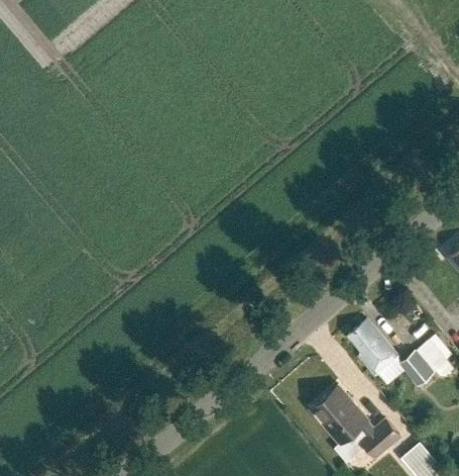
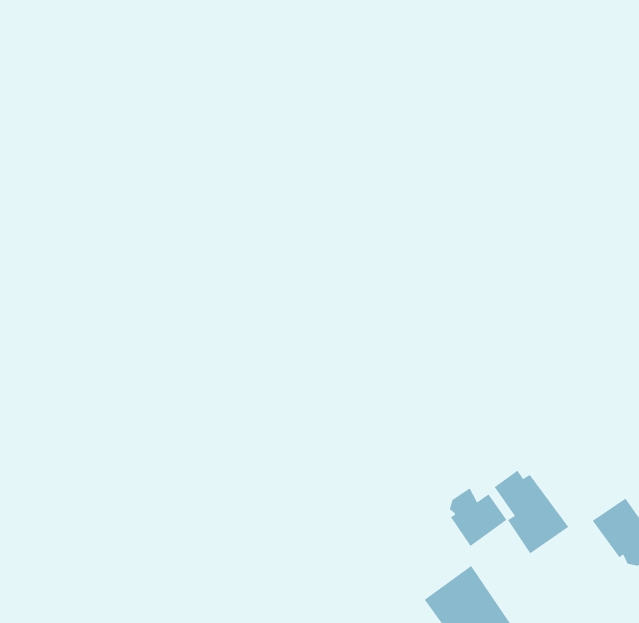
building: none -> [449,487,507,547]
building: [397,351,432,386] -> none

